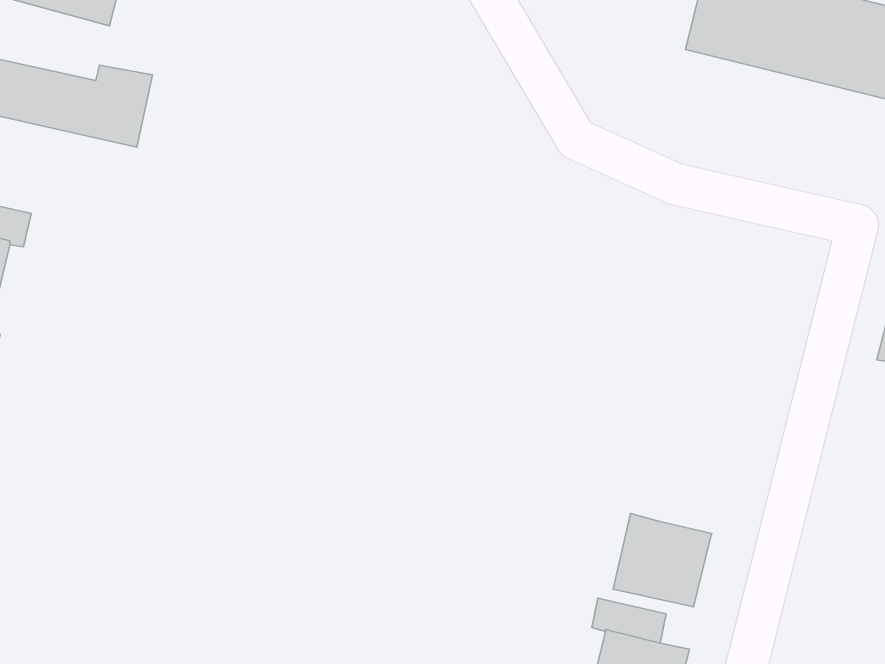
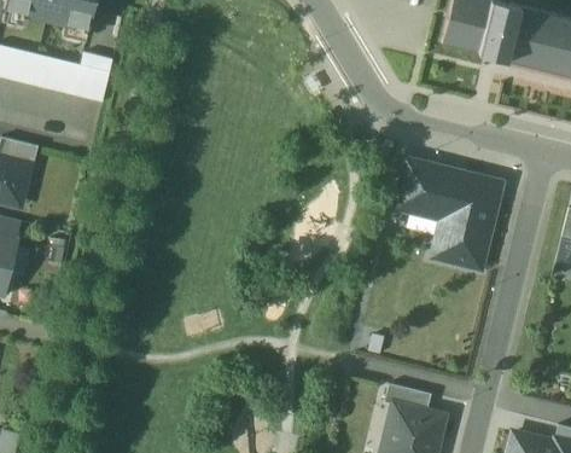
building: none -> [397,159,503,271]
building: [613,514,712,607] -> none

